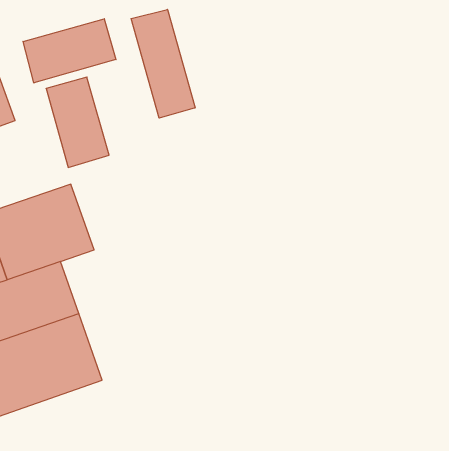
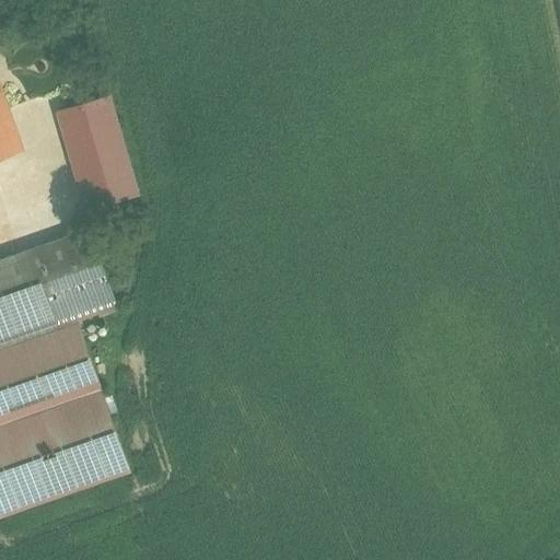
building: [131,9,195,118] -> none
building: [23,19,116,83] -> none

